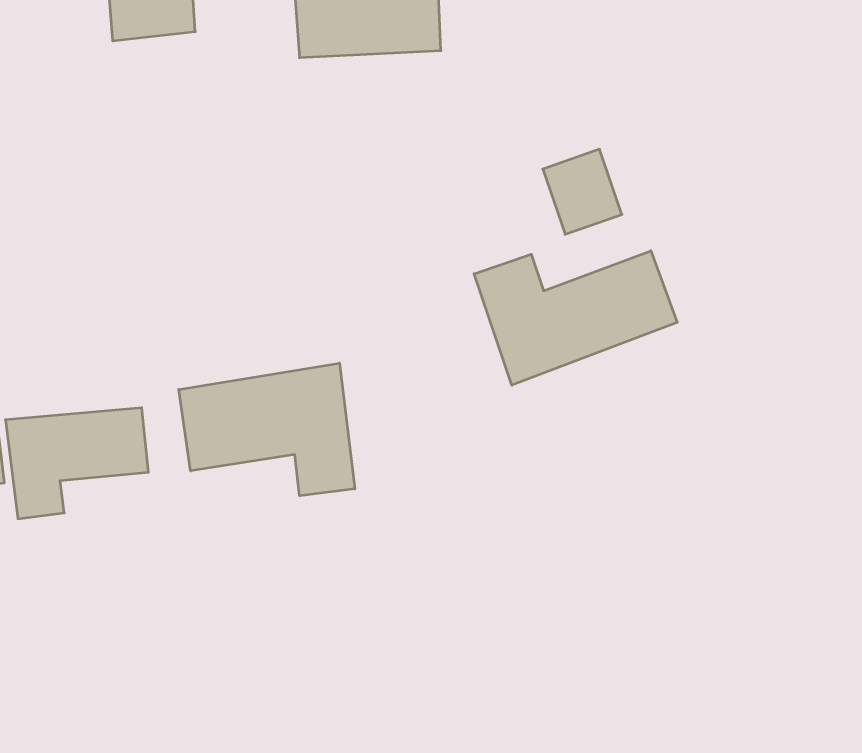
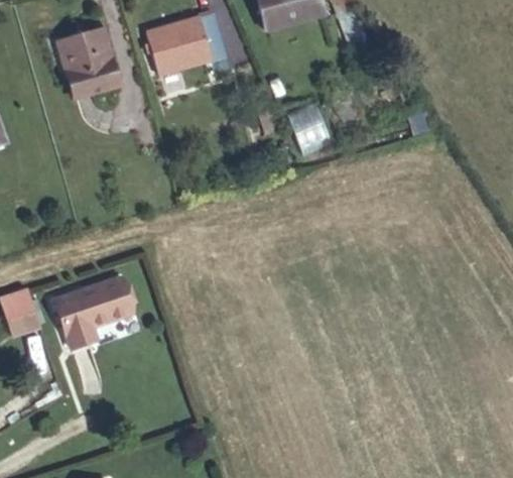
building: [474,251,677,385] -> none
building: [179,363,355,496] -> none

